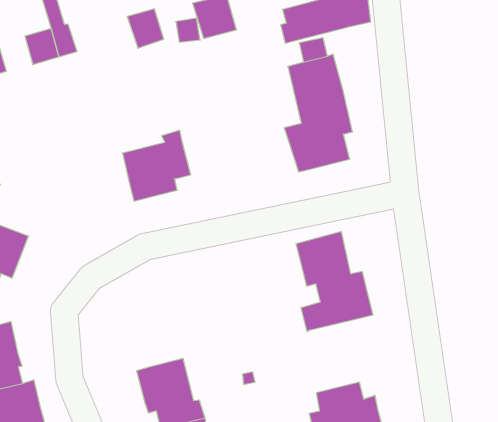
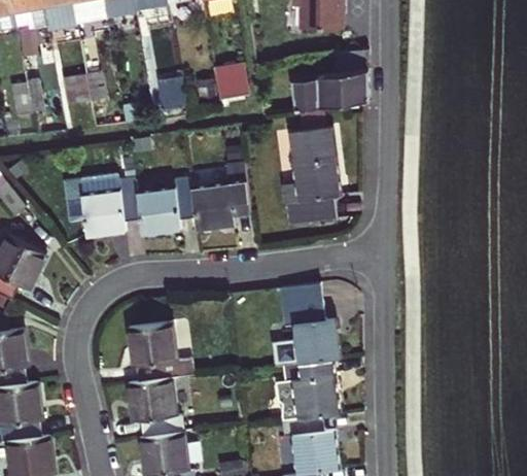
building: none -> [190,162,251,231]
building: none -> [64,174,140,236]
building: none -> [129,321,194,382]
building: none -> [283,360,340,419]

